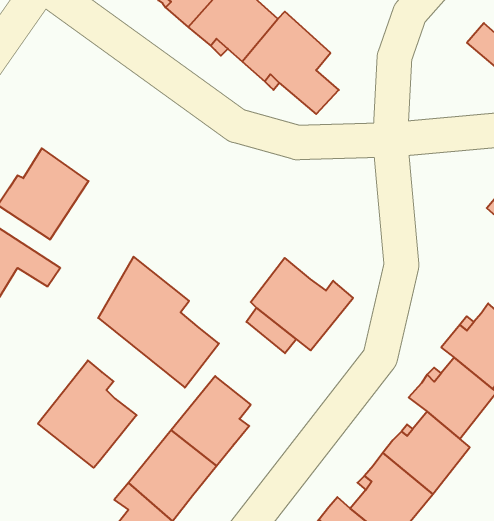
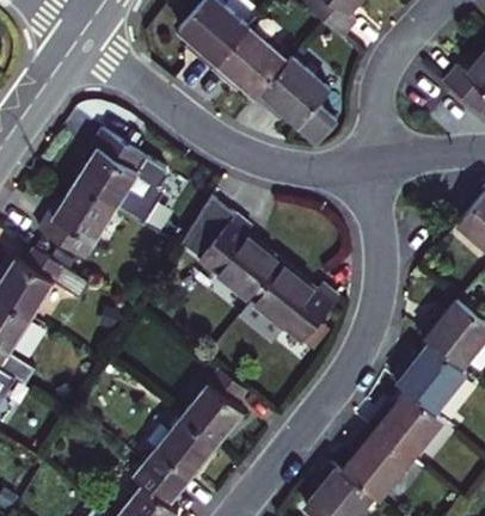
building: none -> [81,119,171,215]
building: [98,257,219,388] -> [184,192,286,302]
building: [38,360,137,468] -> none

